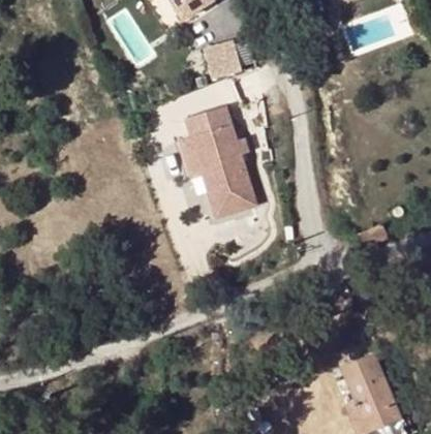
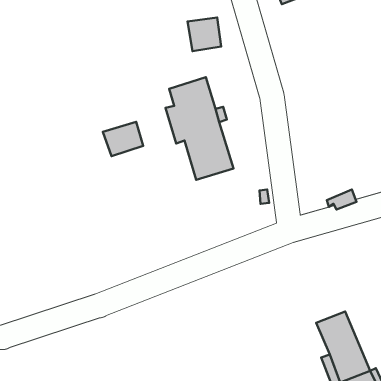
building: none -> [103,122,143,156]

